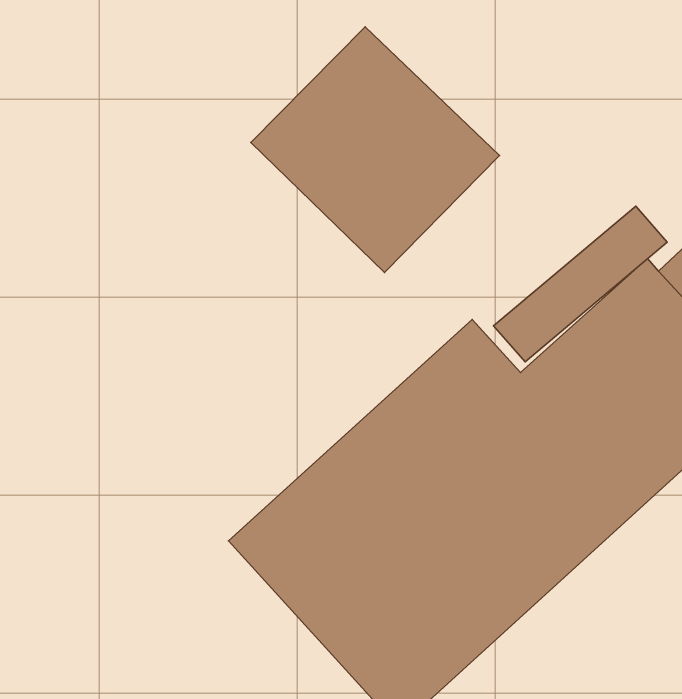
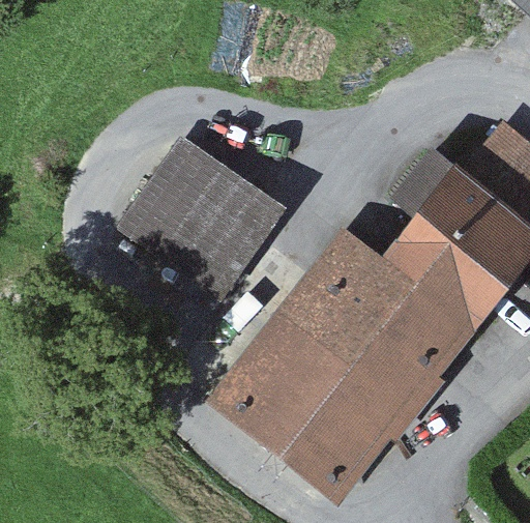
building: [251,27,499,273] -> [117,142,281,300]

